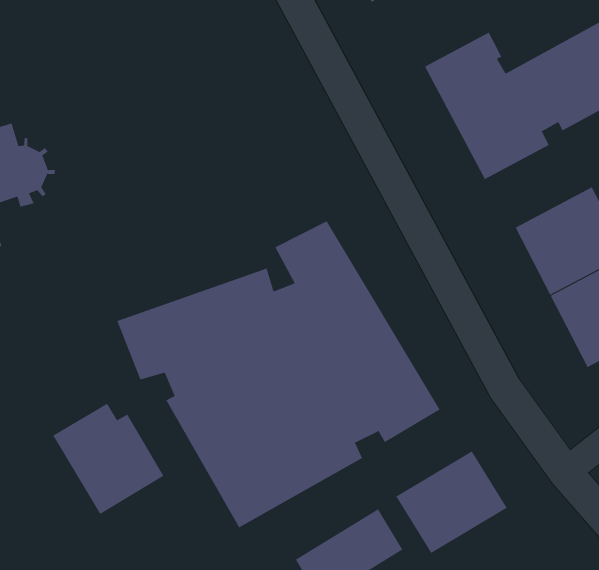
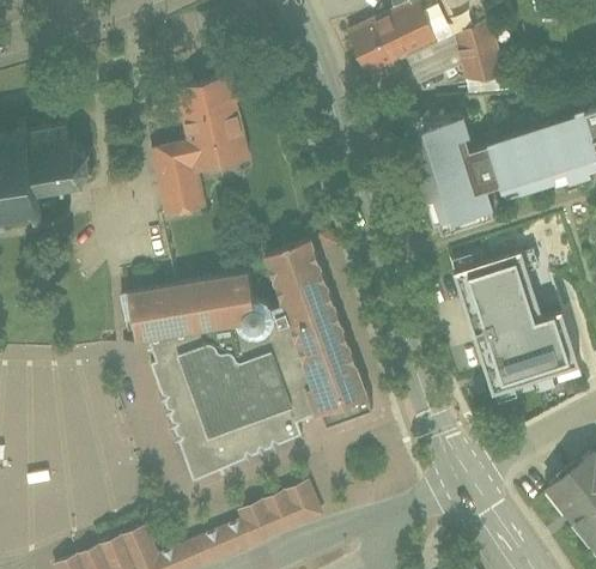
building: none -> [151,78,253,214]
building: [52,403,164,515] -> none
building: [396,450,507,554] -> none

